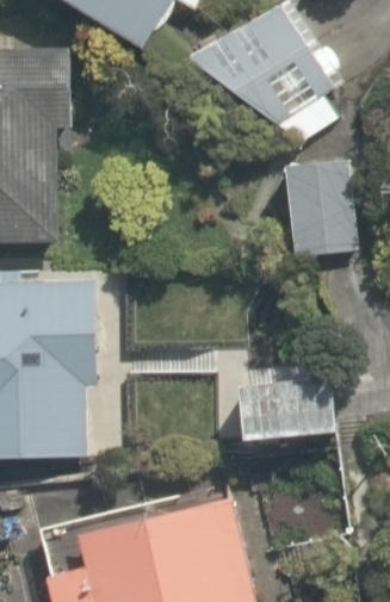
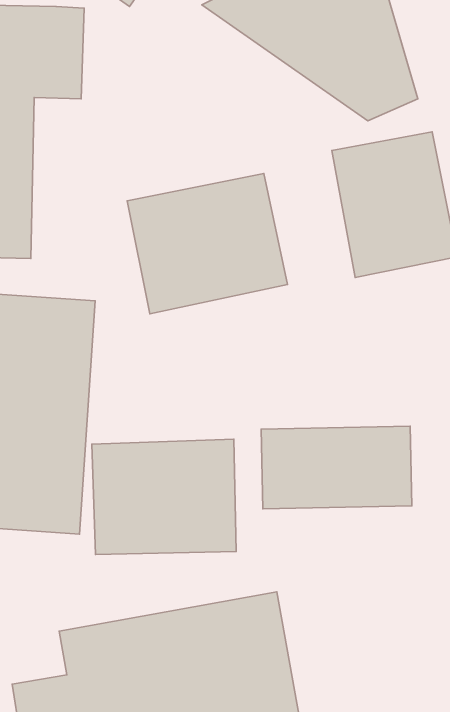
building: none -> [127,173,287,314]
building: none -> [92,439,236,554]

